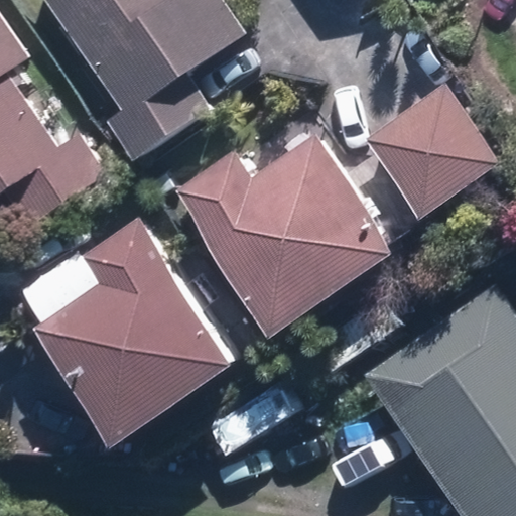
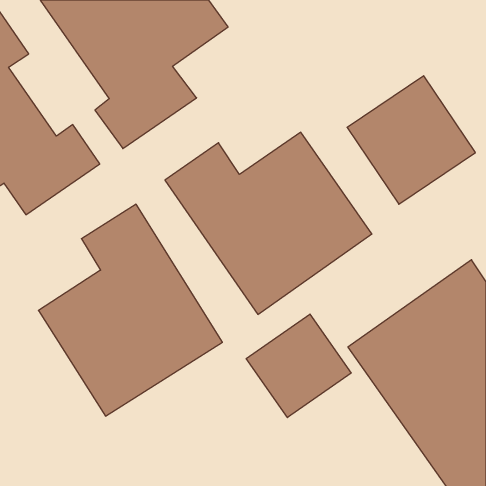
building: none -> [246,314,351,418]

